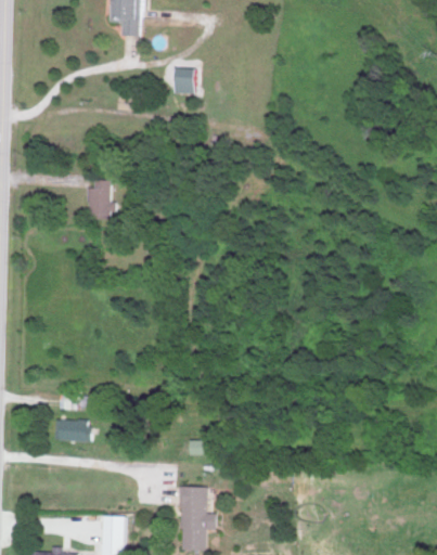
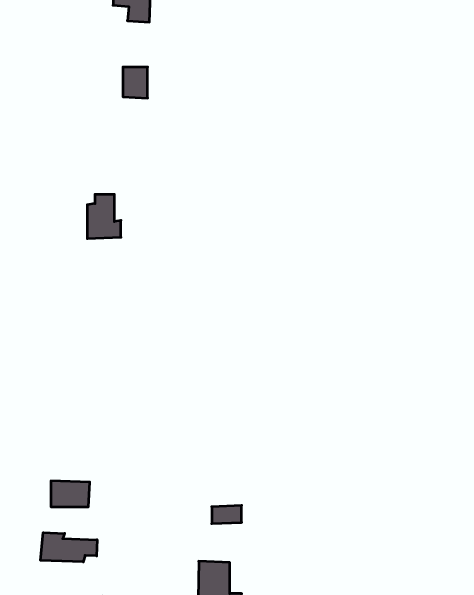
building: [176,68,196,94] -> [123,67,148,98]
building: none -> [41,533,97,562]

